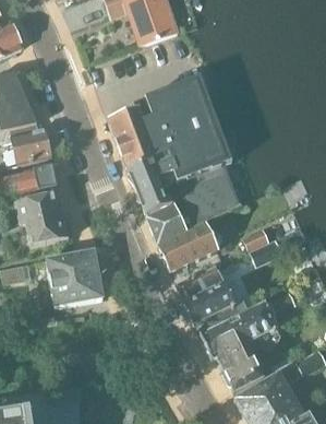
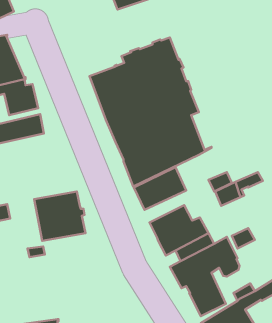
building: [16,193,70,246] -> none

